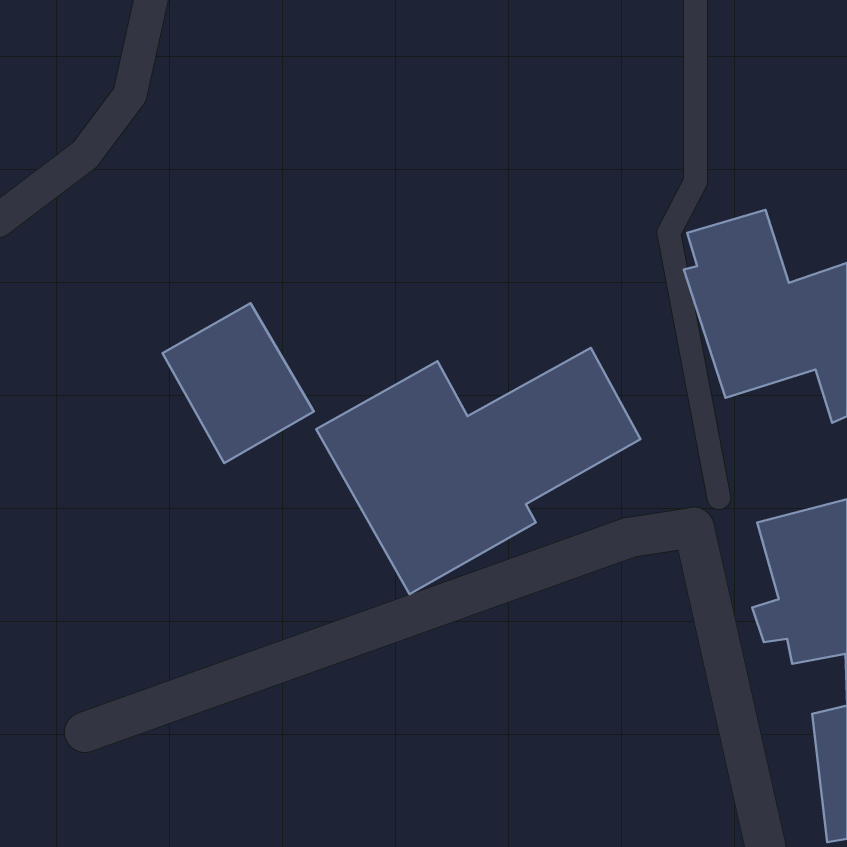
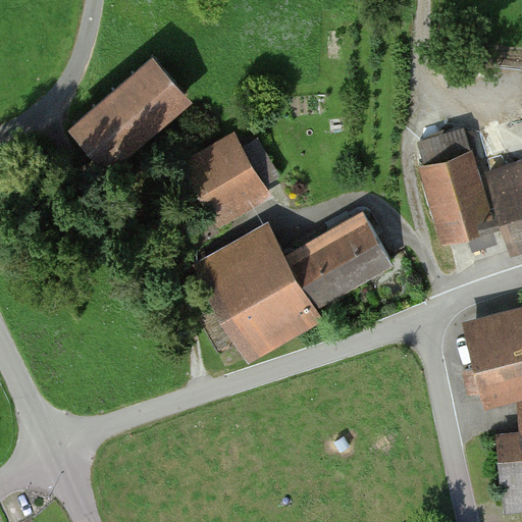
building: none -> [70,53,195,172]
building: [162,303,314,463] -> [181,130,274,228]

